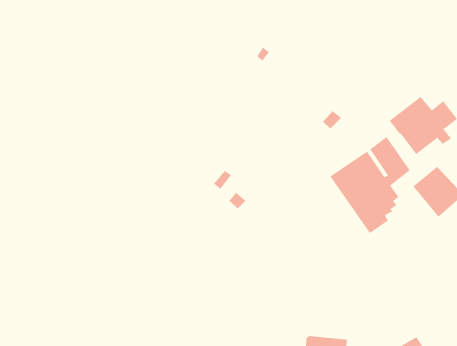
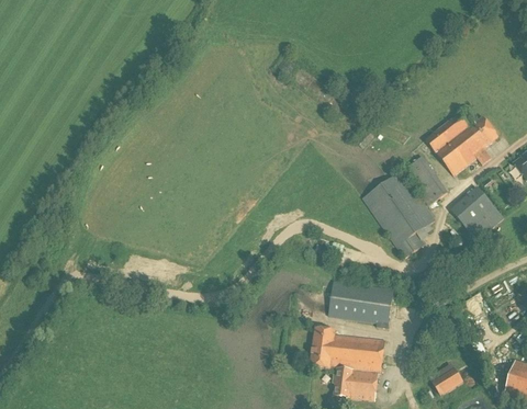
building: none -> [327,280,393,328]
building: none -> [309,327,385,372]

